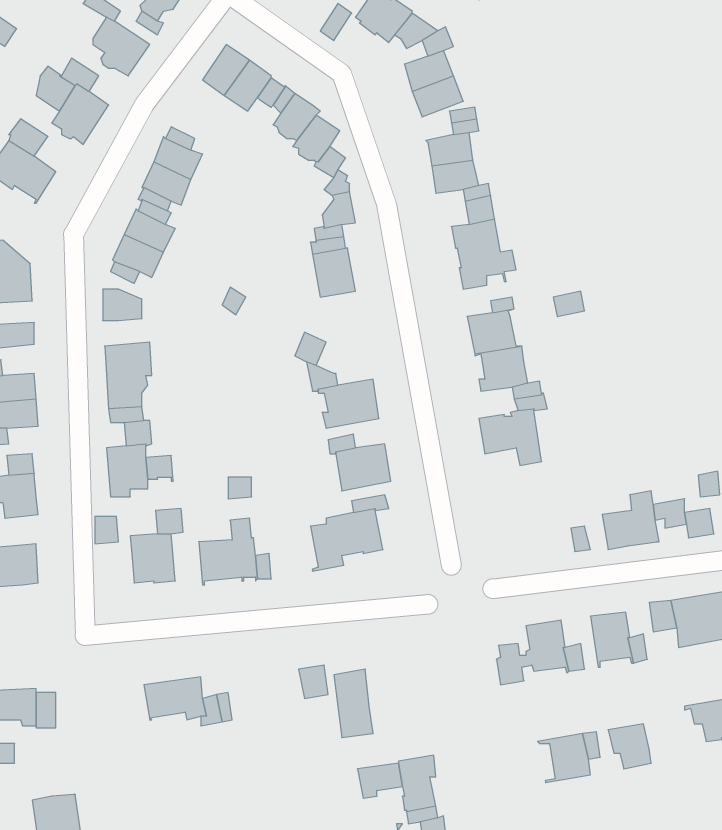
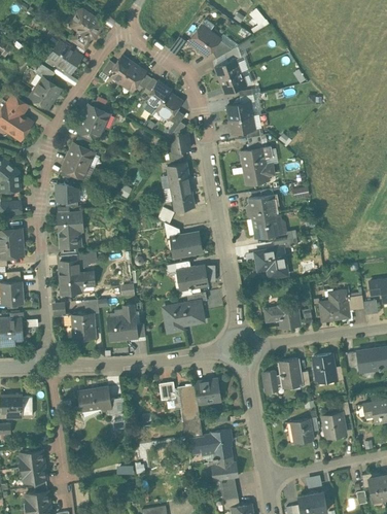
building: none -> [171,186,194,211]
building: none -> [265,304,300,329]
building: none -> [194,380,220,405]

